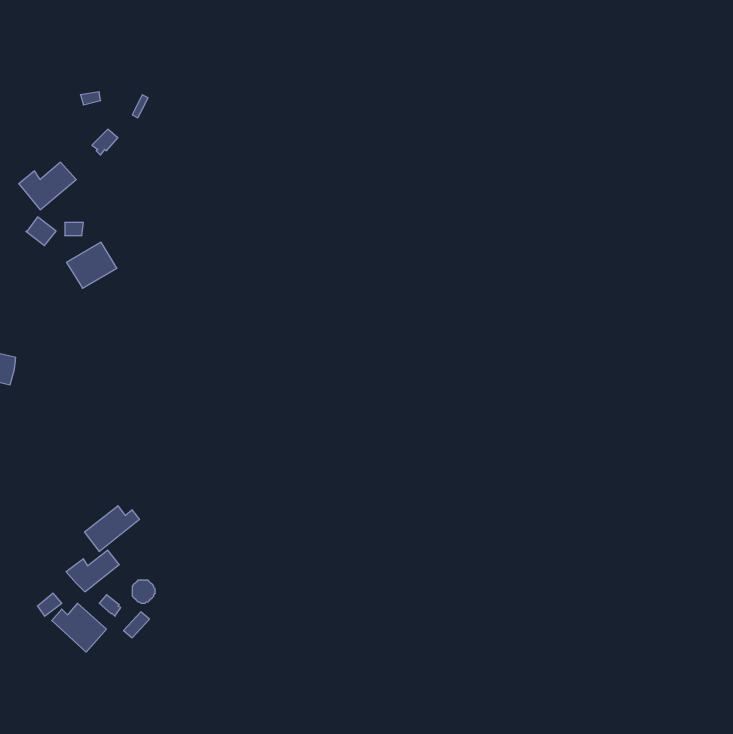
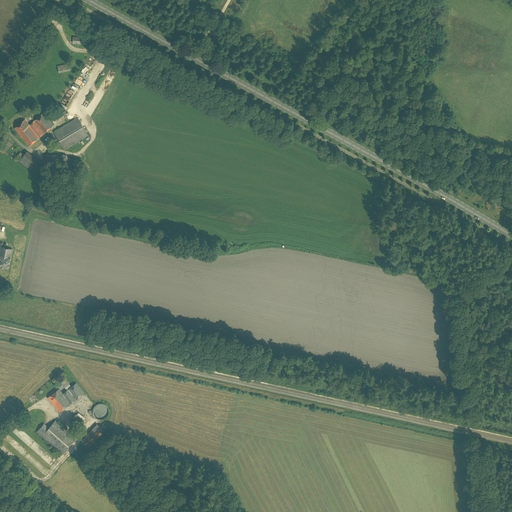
building: [67,242,117,288] -> [52,118,87,150]
building: [85,506,139,552] -> none

